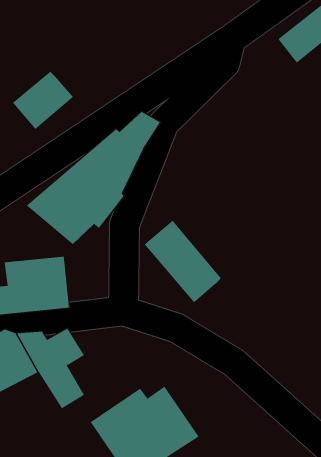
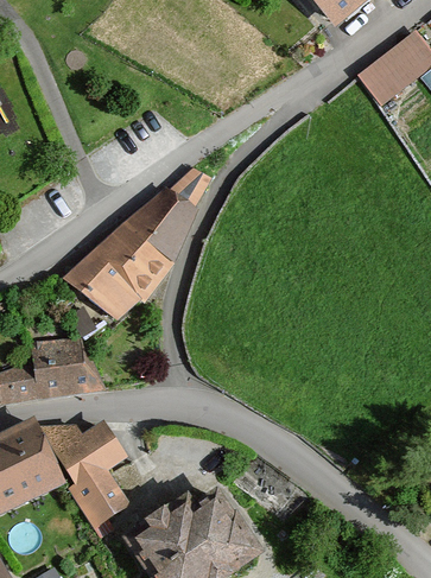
building: [12,71,74,130] -> none
building: [144,220,222,303] -> none

